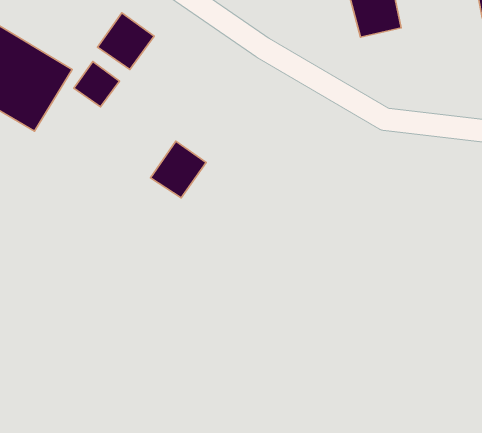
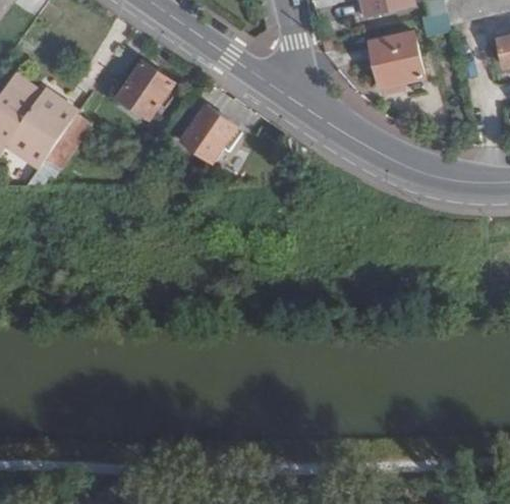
building: [74,62,120,107] -> none
building: [151,141,206,198] -> [180,105,236,162]

